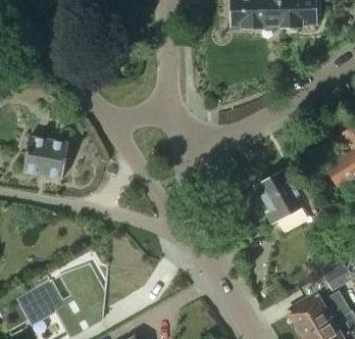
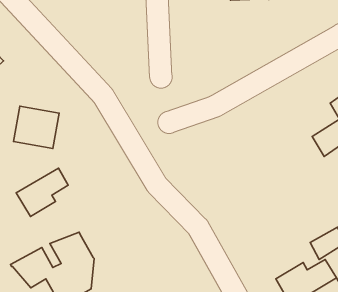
building: [256,170,311,223] -> none
building: none -> [16,168,68,216]

